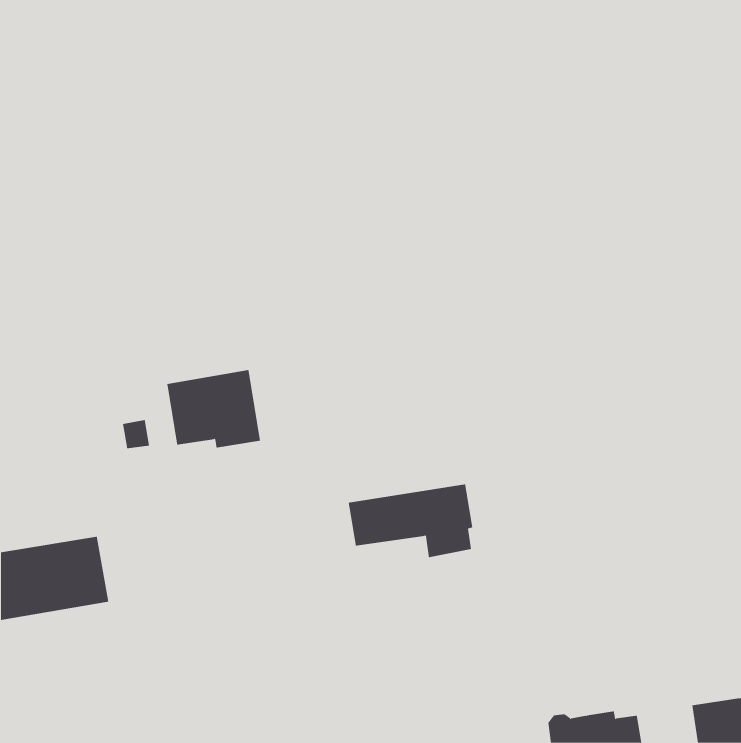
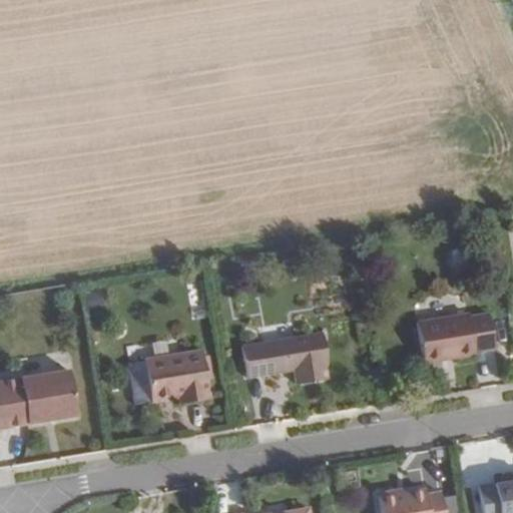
building: [166,369,261,448] -> [144,349,209,403]
building: none -> [416,313,494,362]

